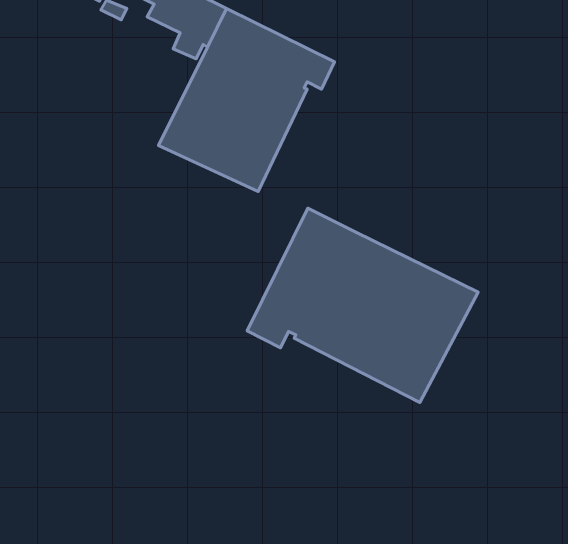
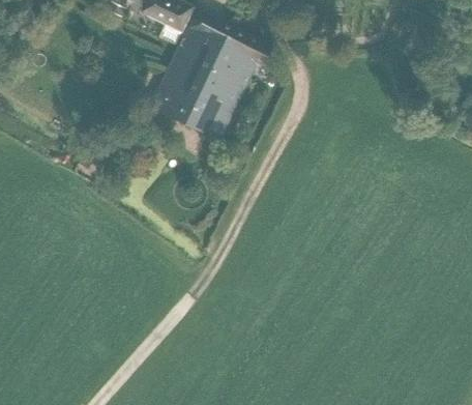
building: [247,208,478,402] -> none

